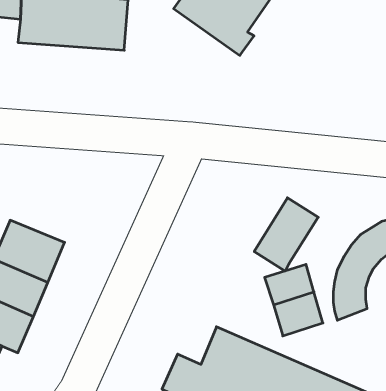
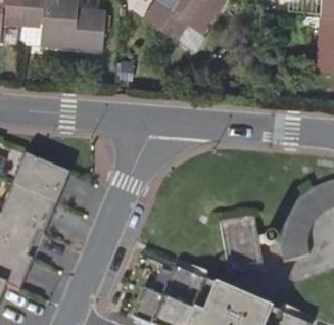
building: none -> [14,151,69,199]
building: [254,198,318,271] -> none

